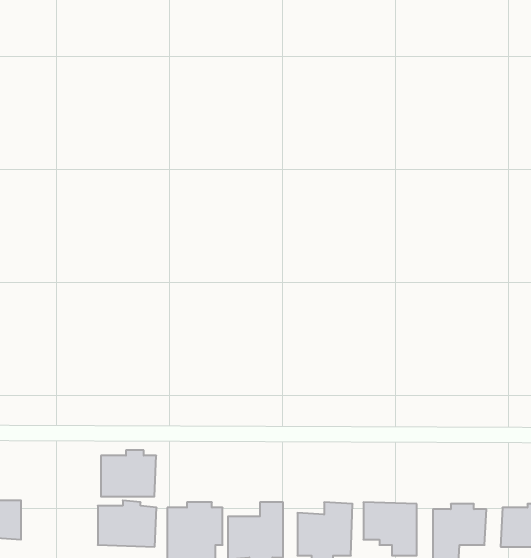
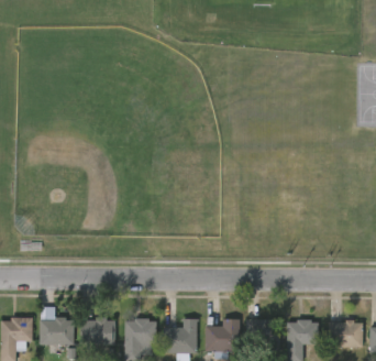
building: [101,450,156,497] -> [40,317,74,346]

